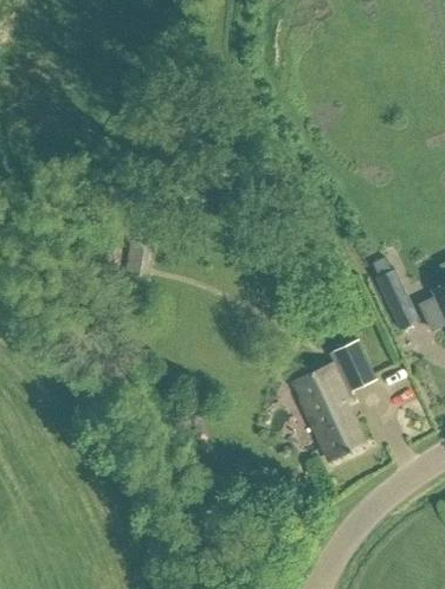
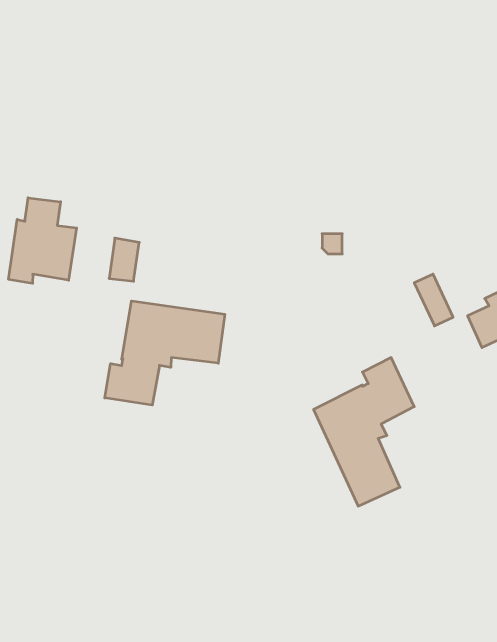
building: none -> [9,198,77,283]
building: none -> [105,301,225,405]

